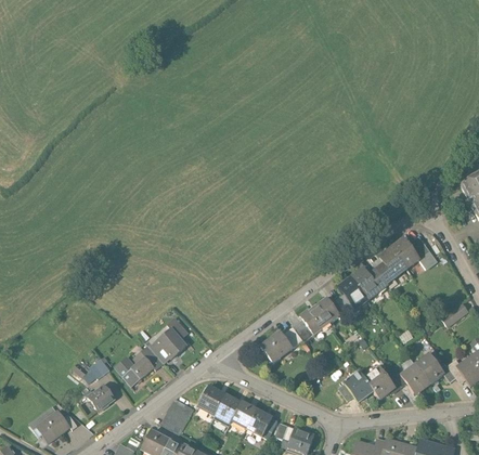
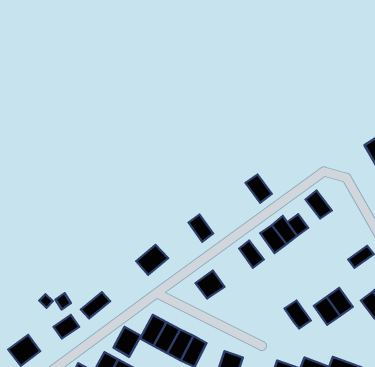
building: [375,245,406,278] -> [246,175,272,203]
building: [297,303,326,336] -> [189,214,213,242]
building: [152,326,190,362] -> [136,245,168,275]
building: [340,368,375,404] -> none

